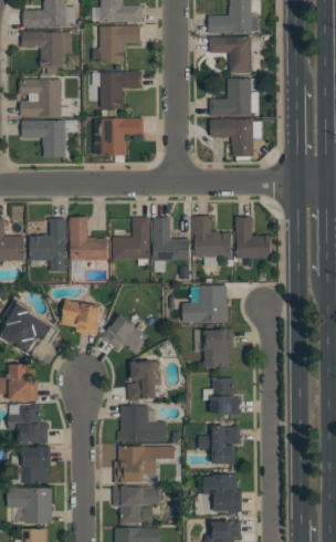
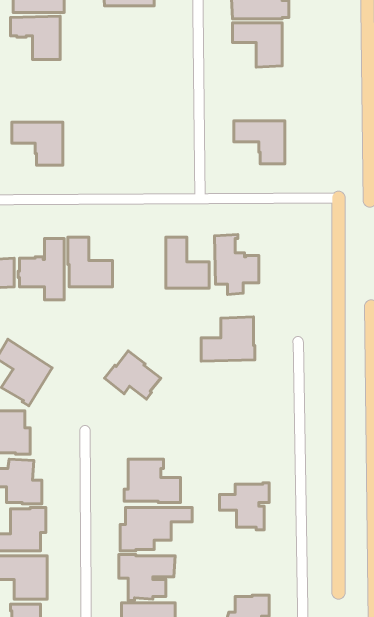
building: [99,25,140,63] -> none
building: [99,72,141,108] -> none
building: [209,79,251,116] -> none
building: [20,80,61,117] -> none
building: [93,118,144,156] -> none
building: [235,217,272,259] -> none
building: [113,218,149,260] -> none
building: [60,300,101,335] -> none
building: [200,329,233,367] -> none
building: [127,361,161,402] -> none
building: [211,378,241,416] -> none
building: [199,475,242,512] -> none

